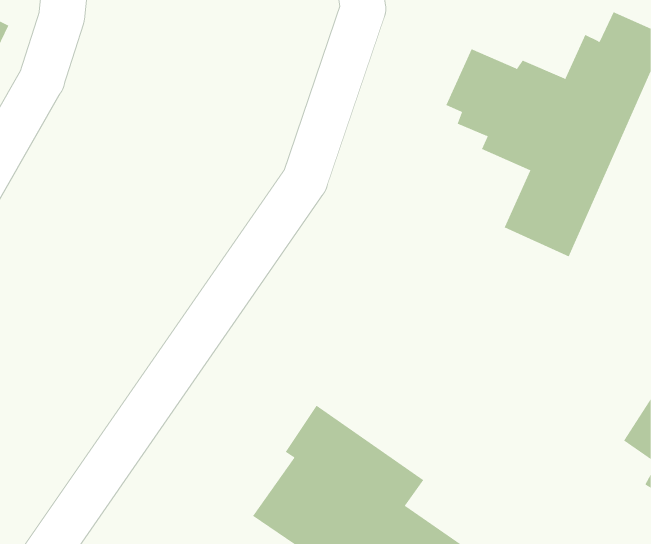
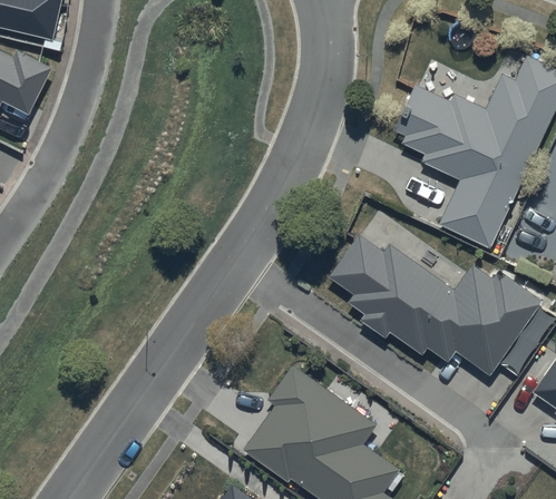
building: none -> [329,233,542,375]

